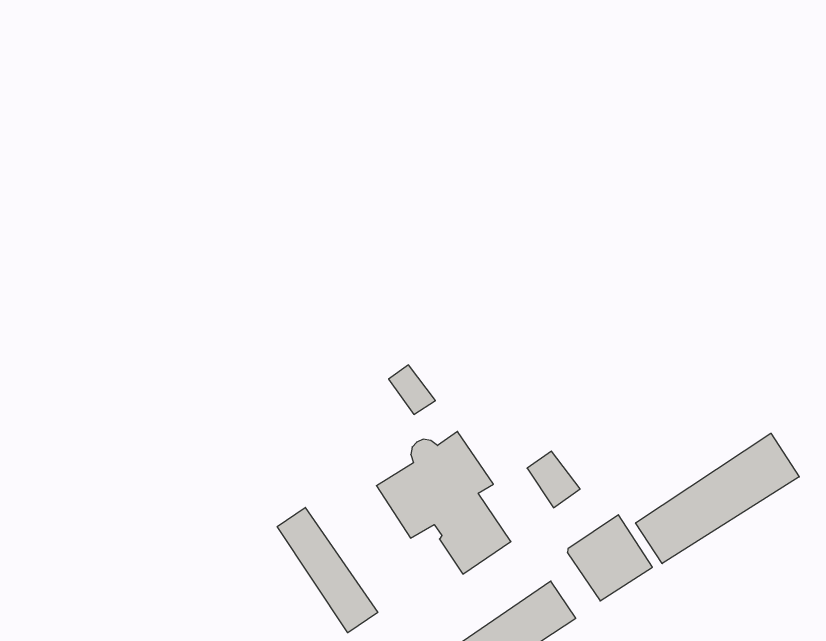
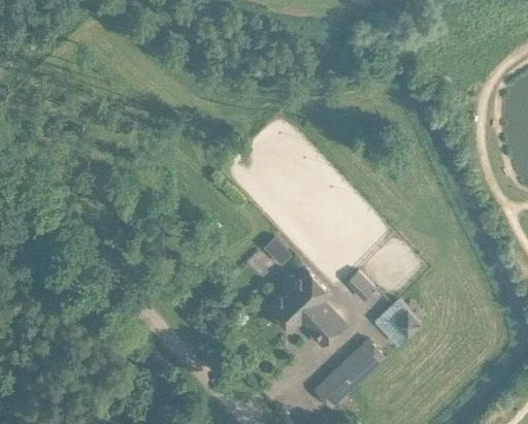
building: [636,433,799,564] -> none
building: [277,507,378,633] -> none

